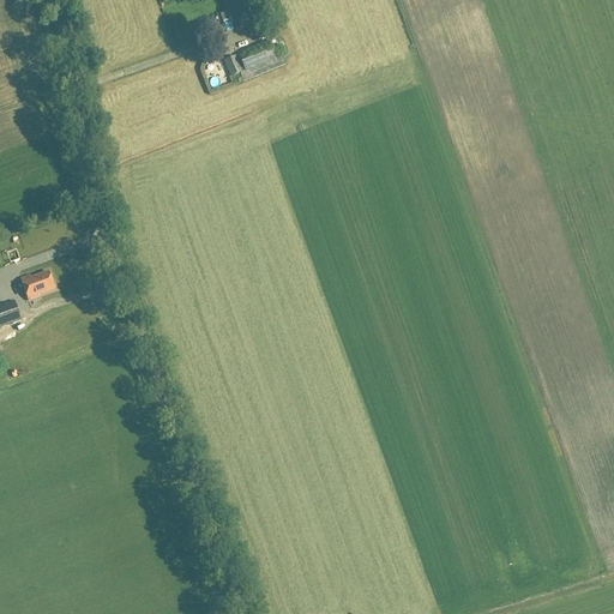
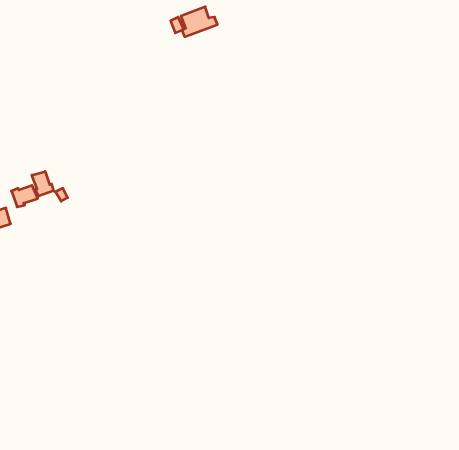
building: none -> [32,171,53,196]

